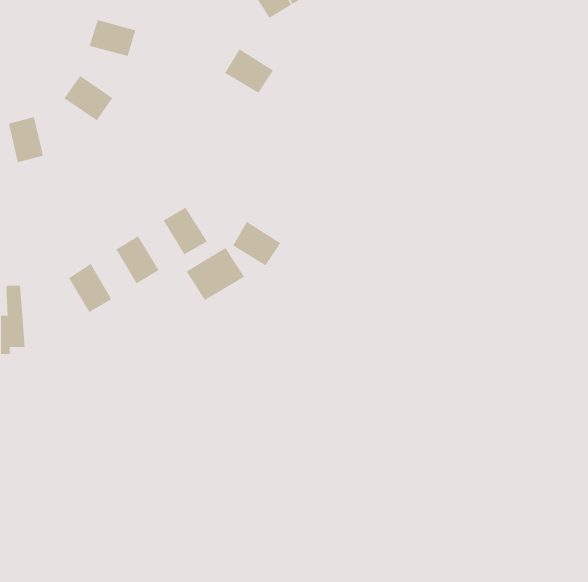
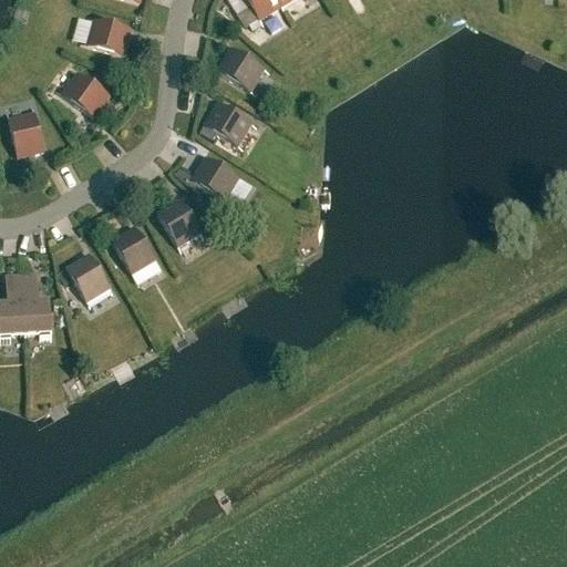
building: none -> [205,102,252,145]
building: [232,221,281,266] -> [193,156,239,199]
building: [186,247,245,301] -> none
building: none -> [22,272,53,338]

